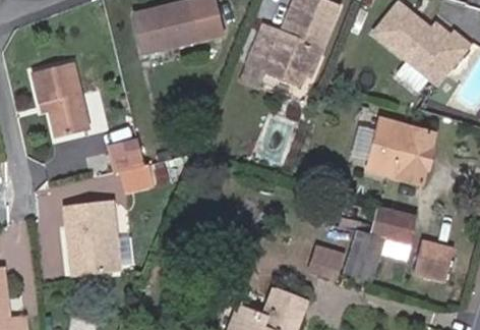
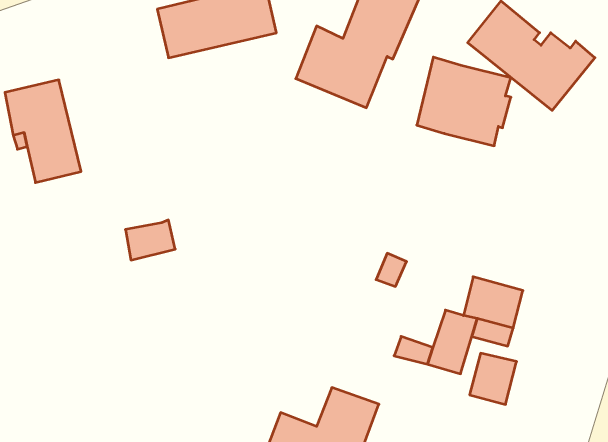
building: [366,118,435,183] -> [417,57,511,146]
building: [115,134,154,172] -> none
building: [64,199,119,277] -> none
building: [416,239,451,277] -> [470,353,517,404]

